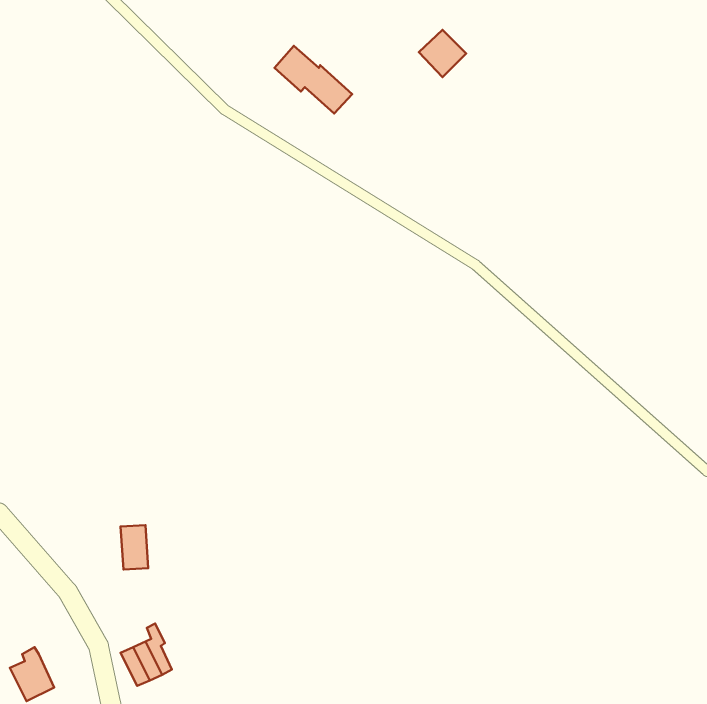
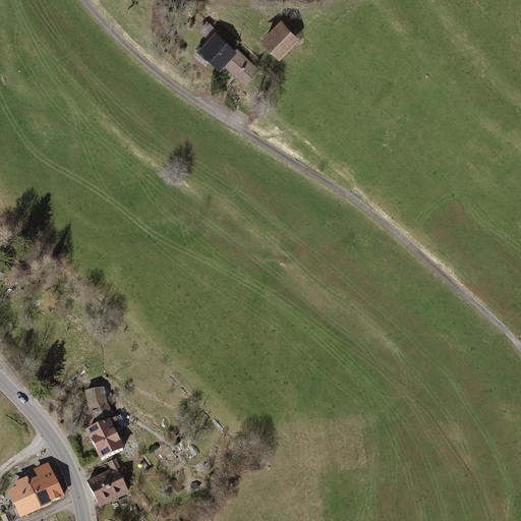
building: [419,30,466,77] -> [264,22,298,57]
building: none -> [86,419,121,458]
building: none -> [28,463,61,505]

